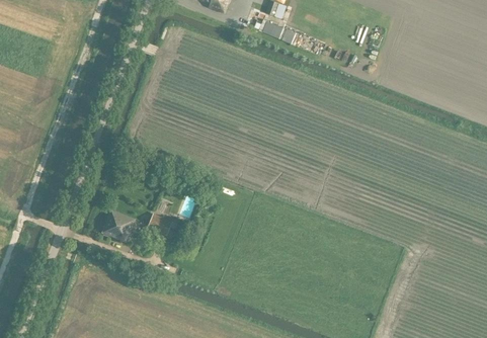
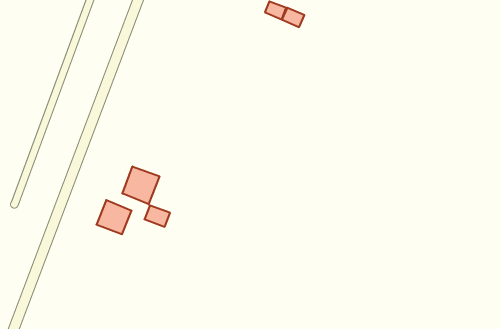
building: none -> [122,166,159,204]

